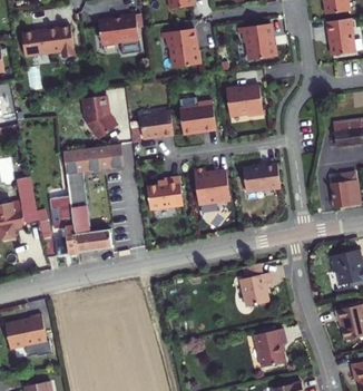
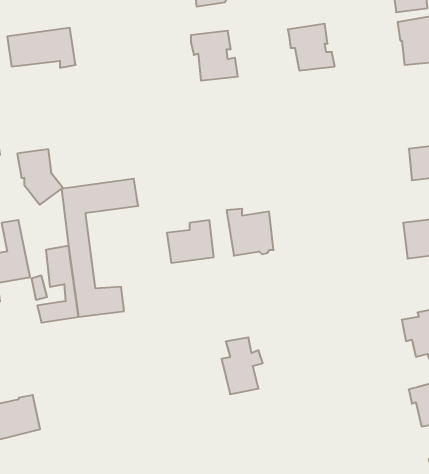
building: [98,13,139,51] -> none
building: [233,84,269,115] -> none
building: [81,95,117,138] -> [17,149,63,205]
building: [179,97,216,134] -> none
building: [139,109,173,138] -> none
building: [243,163,281,190] -> none
building: [241,262,273,306] -> [222,337,263,394]
building: [255,329,287,368] -> none

